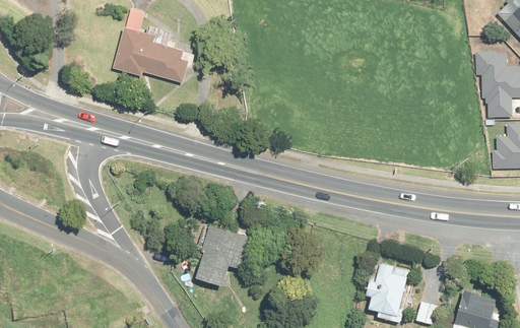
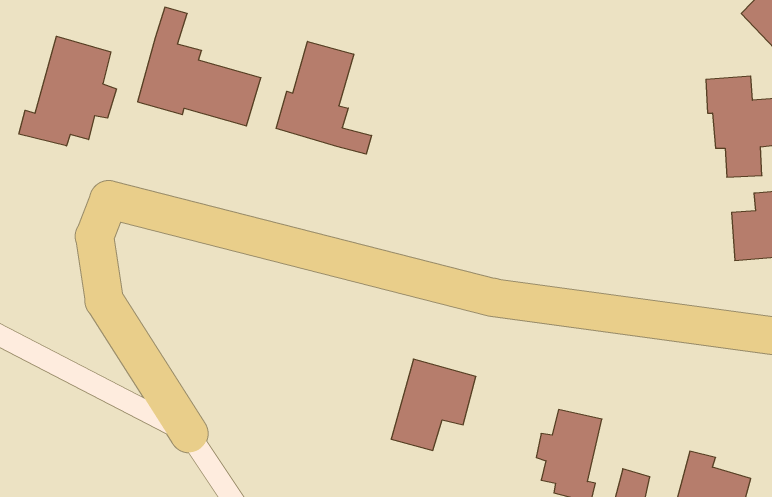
building: none -> [19,36,116,146]
building: none -> [276,41,372,154]
building: [197,226,251,284] -> [391,359,476,450]

